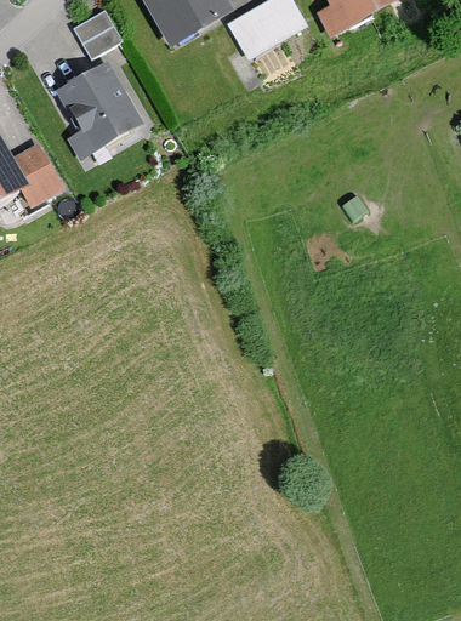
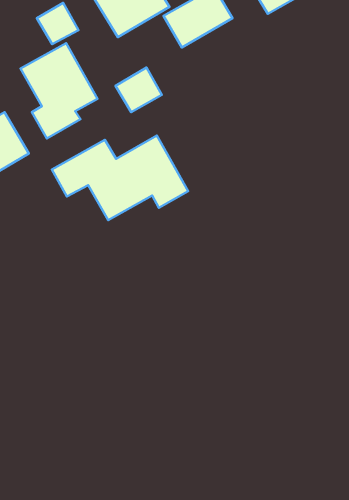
building: none -> [115,68,162,112]
building: none -> [52,135,188,220]

